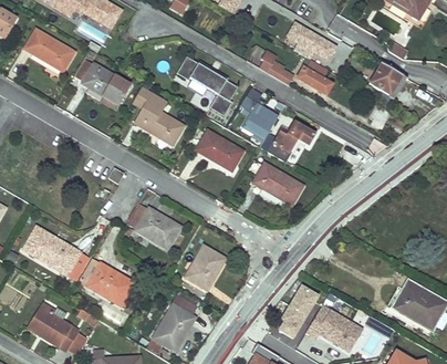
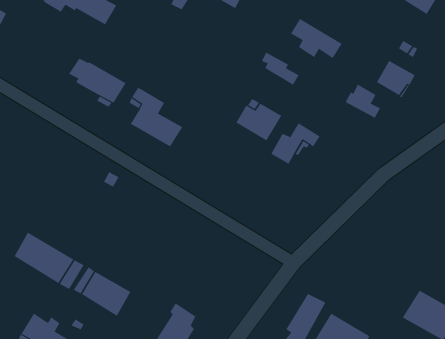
building: [24,29,74,71] -> none
building: [176,54,238,114] -> none
building: [298,60,332,93] -> [345,84,381,118]
building: [196,129,243,170] -> none
building: [252,163,302,205] -> none
building: [128,206,180,249] -> none
building: [184,246,225,290] -> none

